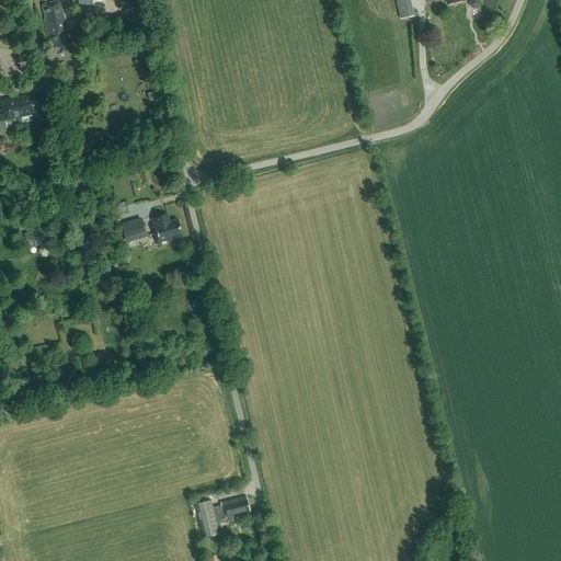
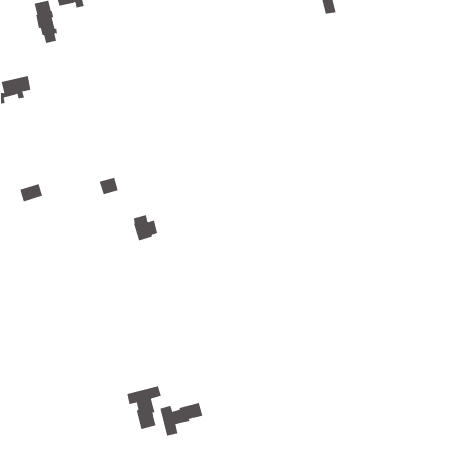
building: [150,215,181,248] -> [133,215,158,241]
building: none -> [127,385,162,430]

